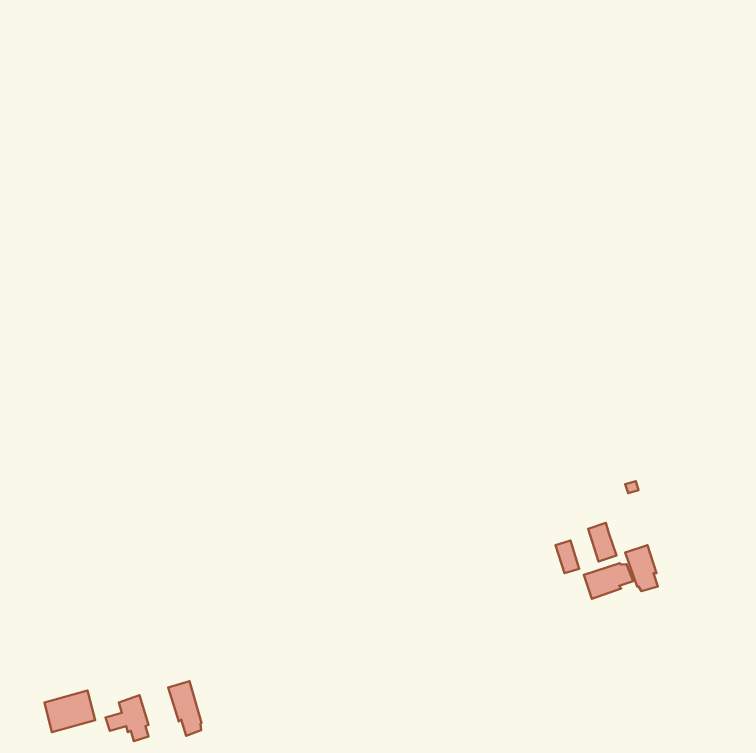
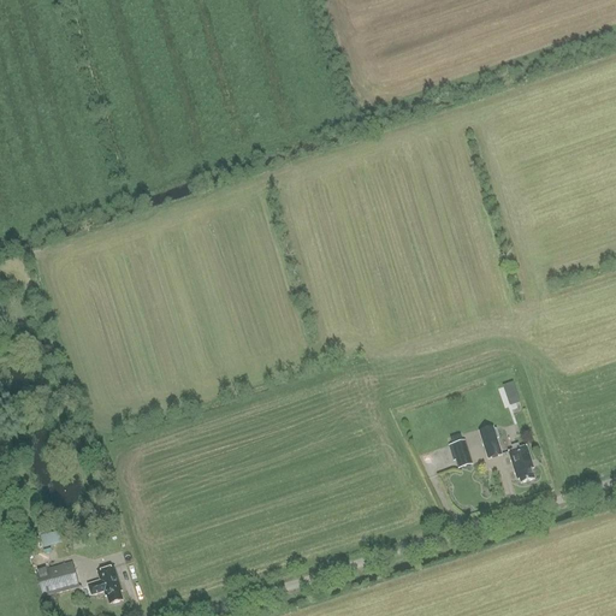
building: [584,563,633,599] -> none
building: [168,681,202,736] -> none

